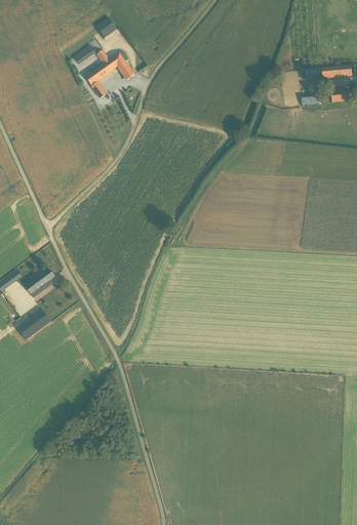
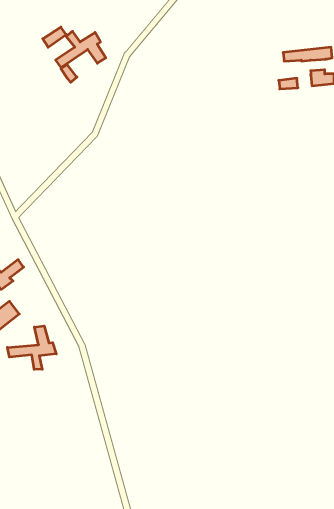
building: none -> [7,326,56,369]

